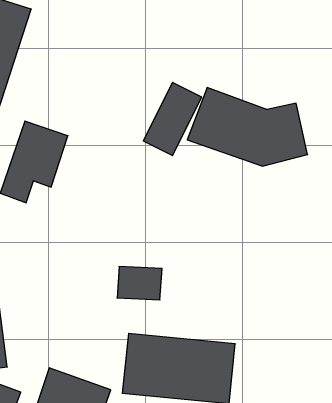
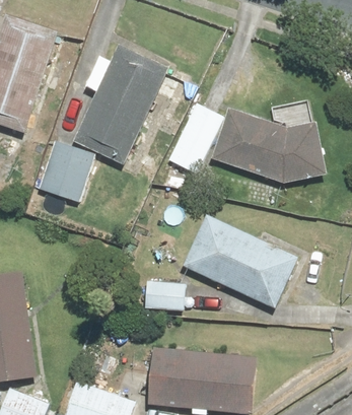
building: none -> [71,44,169,165]
building: none -> [182,213,298,309]

